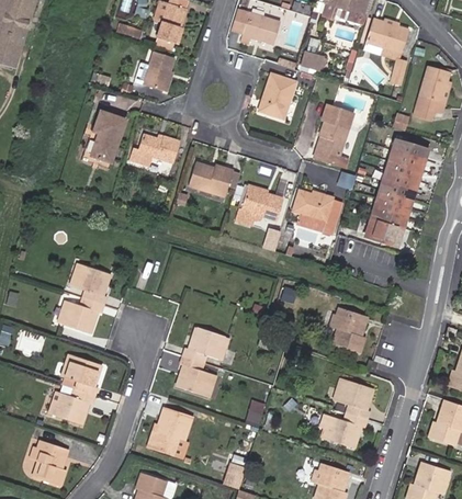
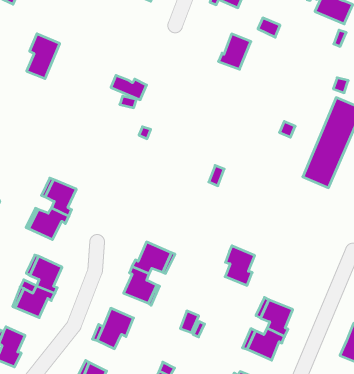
building: [145,56,174,94] -> none
building: [318,103,354,170] -> none
building: [89,115,124,166] -> [27,34,60,79]
building: [189,162,234,196] -> none
building: [291,191,340,237] -> none
building: [235,193,281,225] -> none
building: [330,304,363,348] -> [225,246,255,285]

